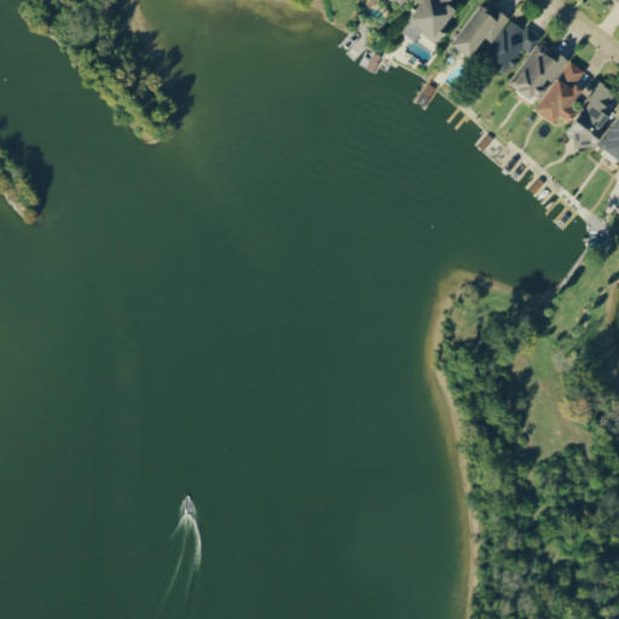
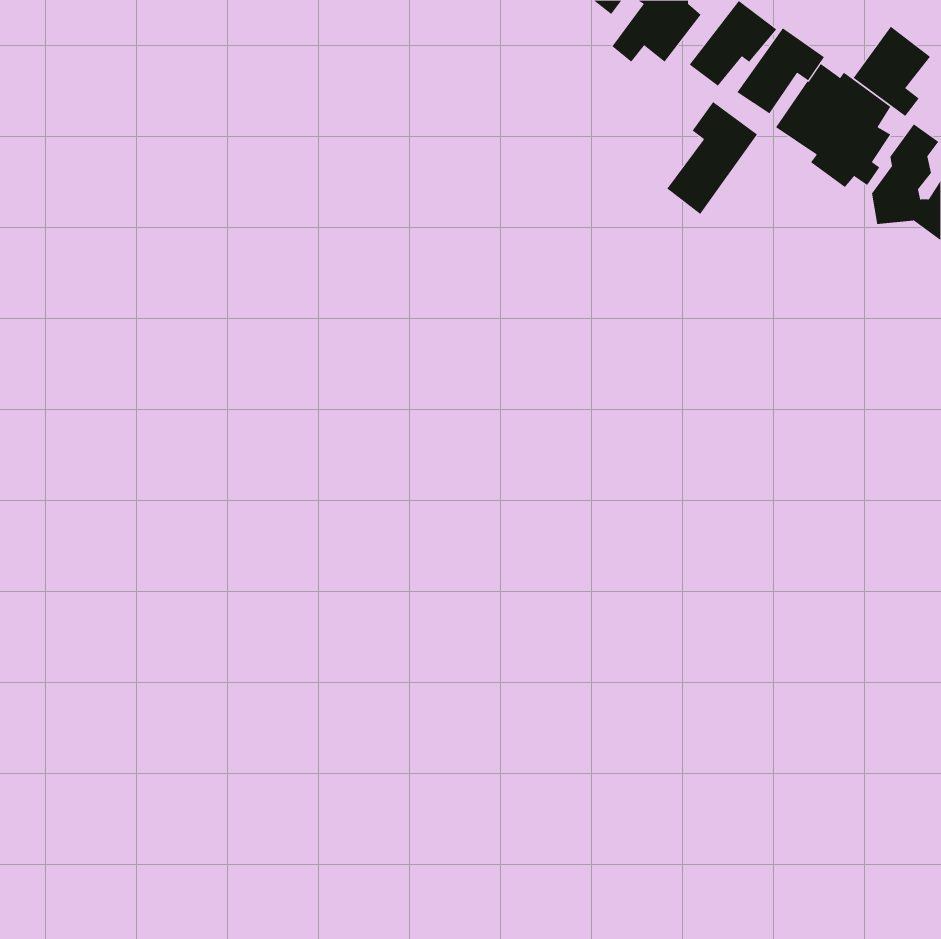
building: none -> [853,26,931,117]
building: none -> [666,101,758,215]

